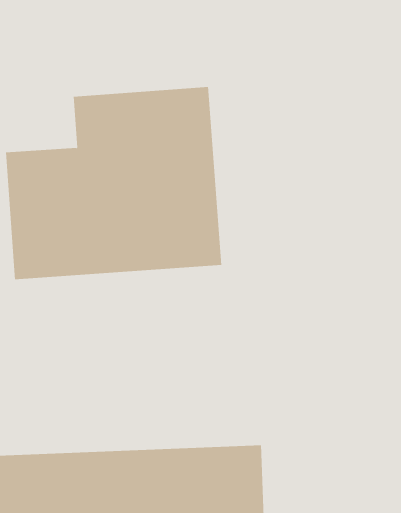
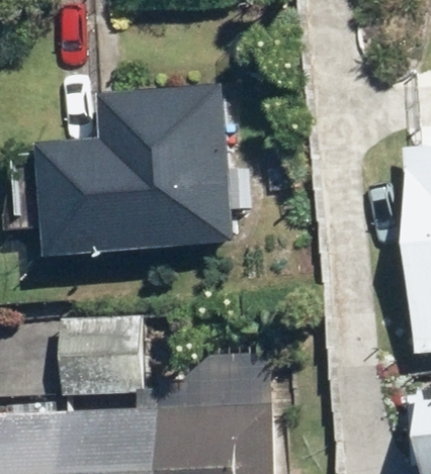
building: none -> [57,316,141,395]

